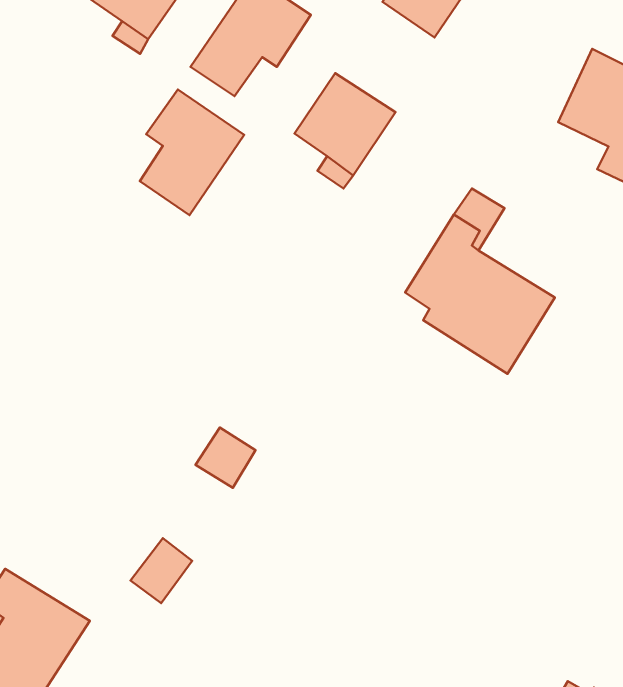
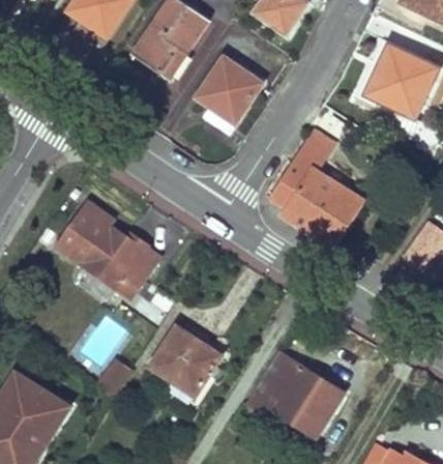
building: [140,90,244,215] -> none
building: none -> [56,204,159,297]
building: none -> [150,328,219,396]
building: none -> [247,352,343,436]

